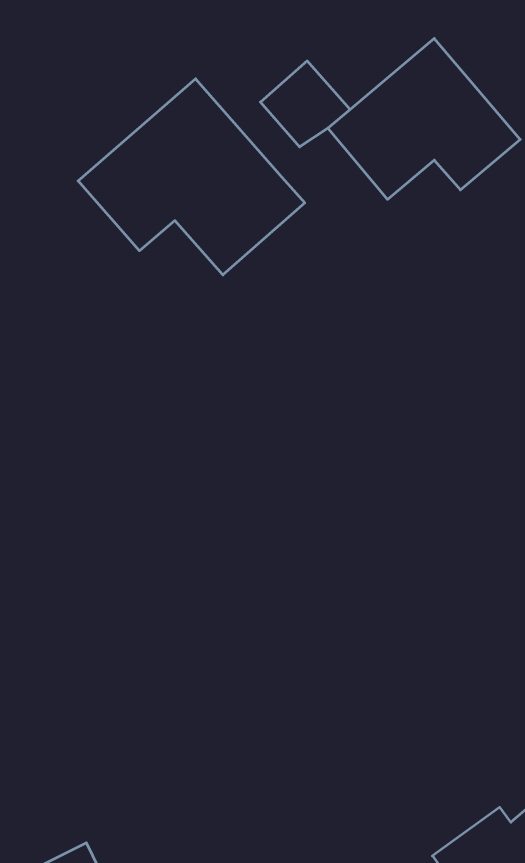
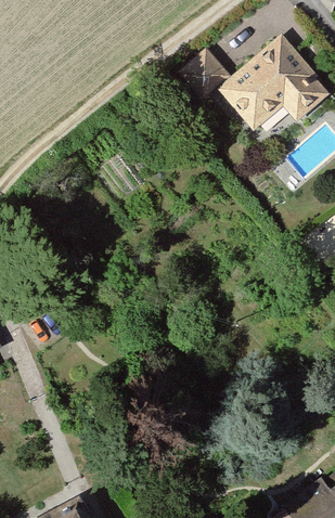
building: [78,79,305,275] -> none

